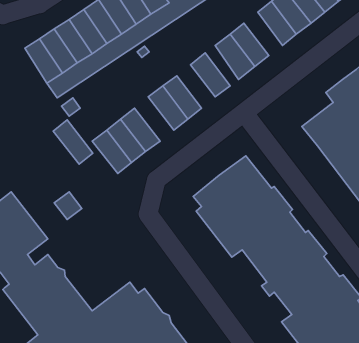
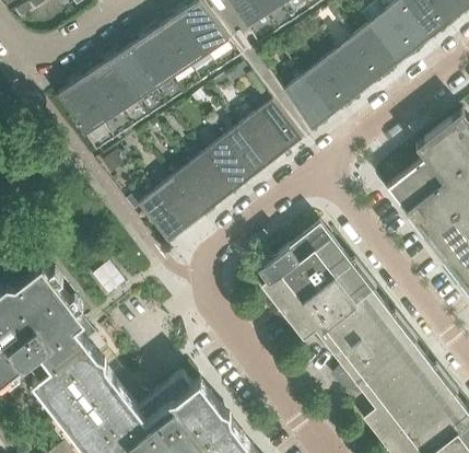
building: none -> [318,50,364,102]
building: none -> [238,113,284,164]
building: [53,120,93,164] -> [188,151,235,204]

